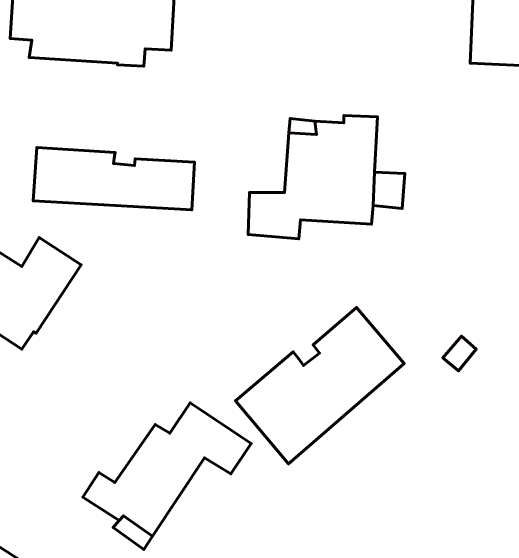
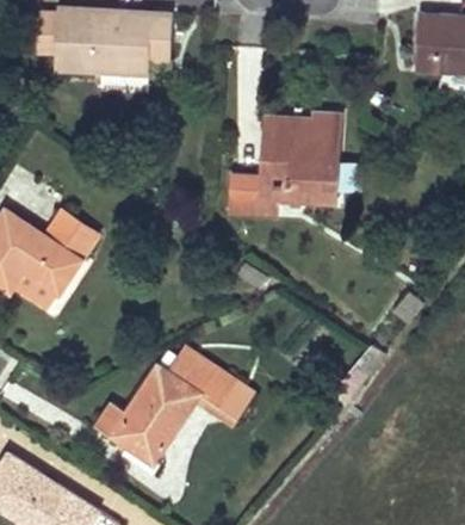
building: [33,148,195,210] -> none
building: [235,307,404,464] -> none

